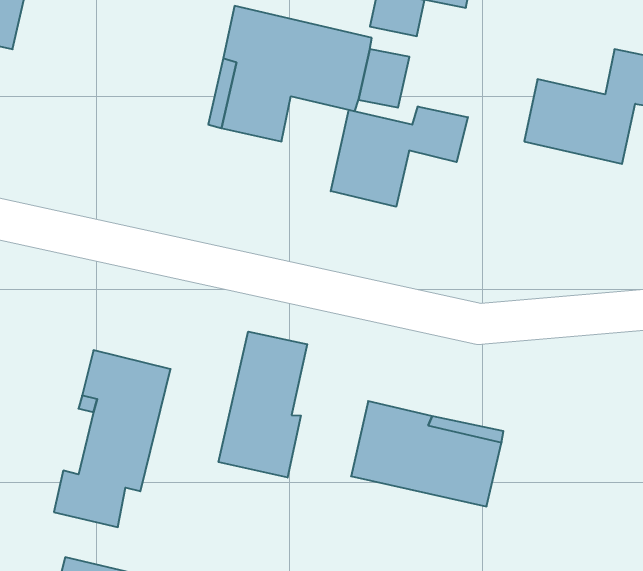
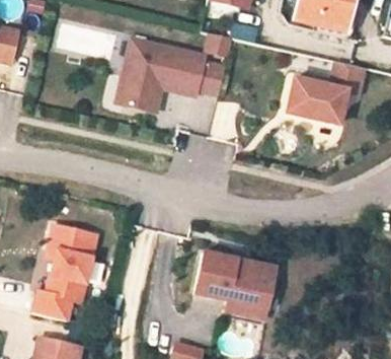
building: [331,106,468,207] -> none
building: [219,332,307,478] -> none

